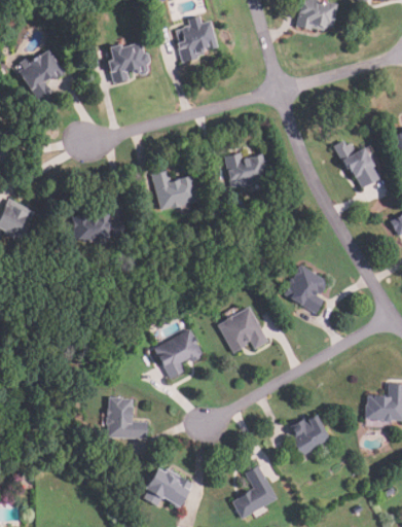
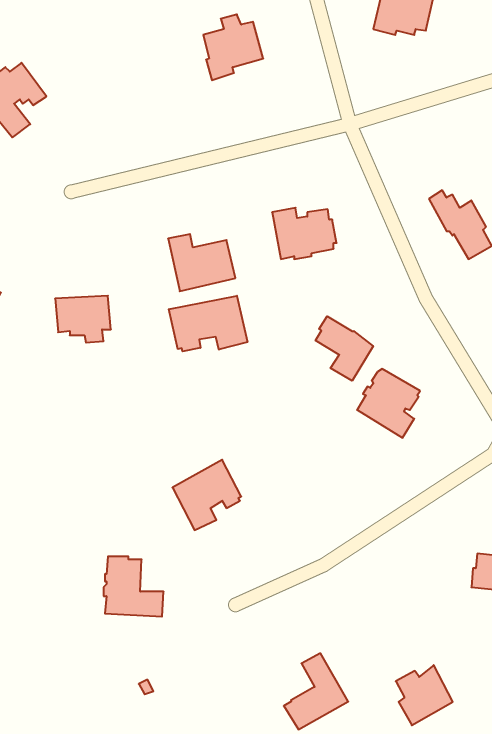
building: [107,42,151,83] -> none
building: none -> [169,296,247,351]
building: none -> [316,316,373,381]
building: [217,308,269,354] -> none
building: [290,415,330,457] -> [396,665,453,725]
building: [142,467,193,510] -> none

